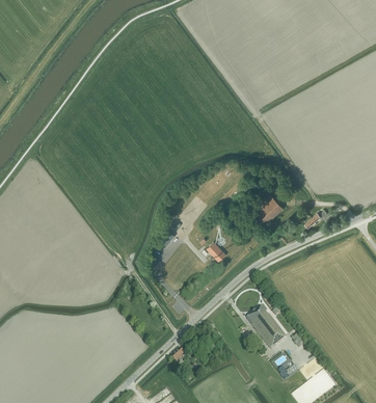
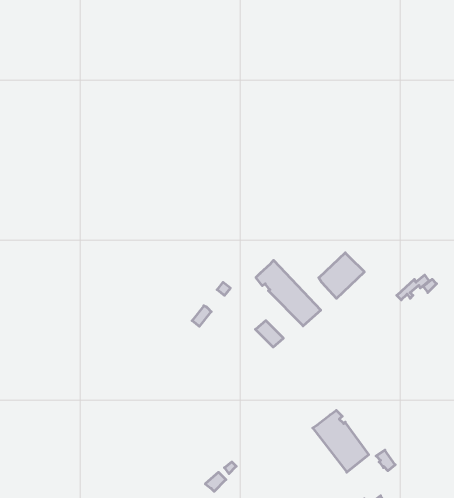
building: none -> [256,260,321,326]

